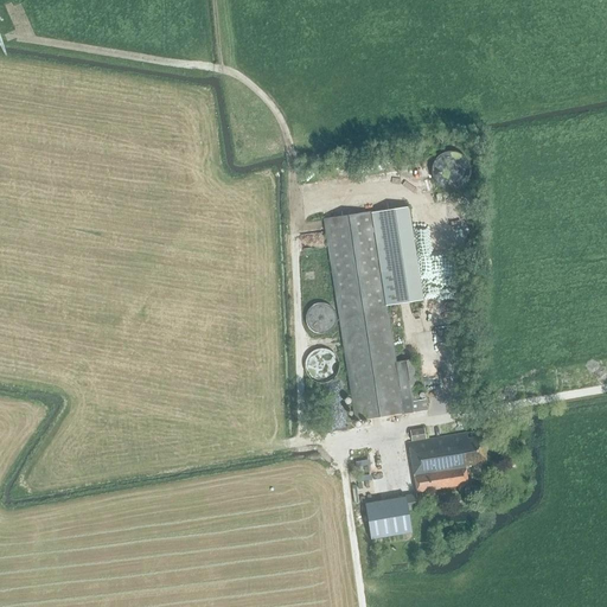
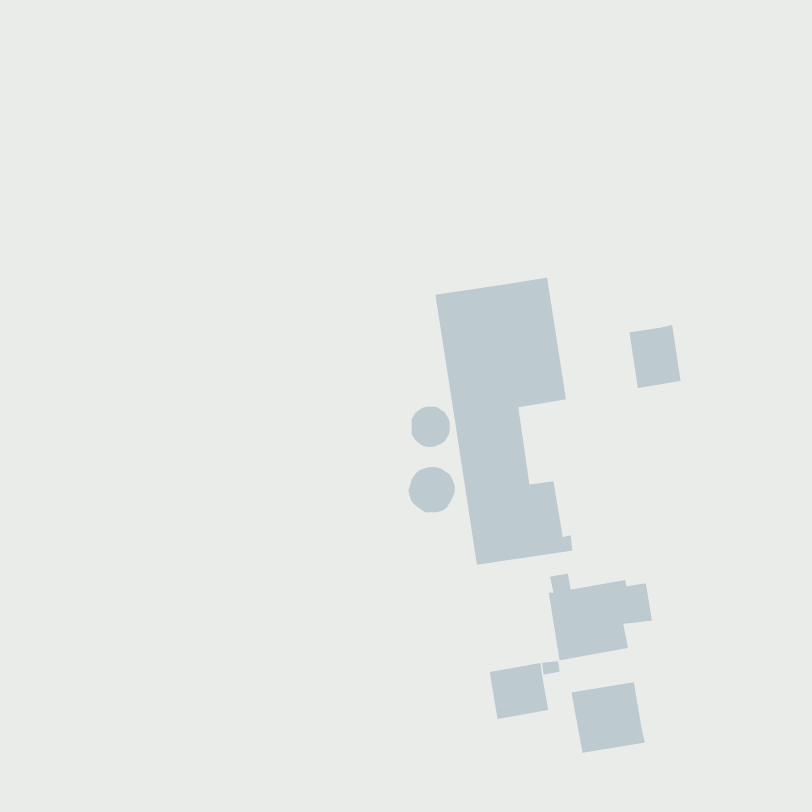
building: none -> [629,324,681,389]
building: none -> [571,681,645,754]

